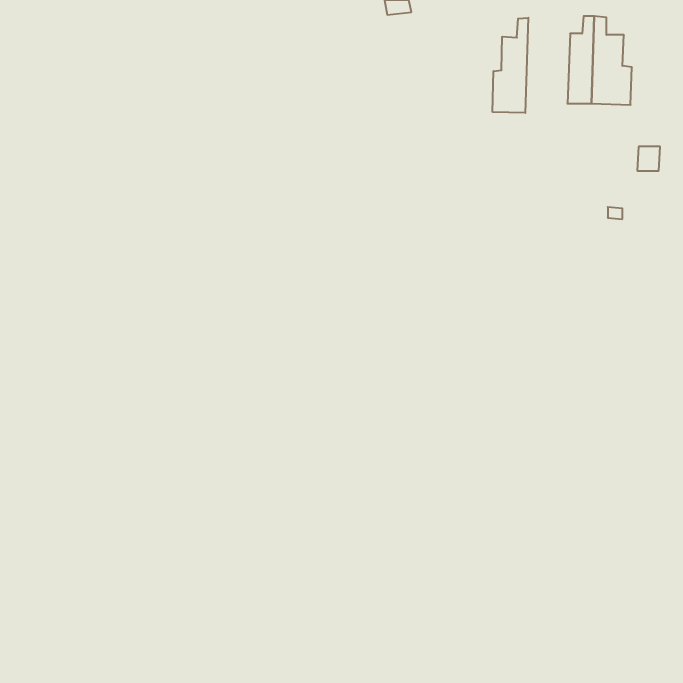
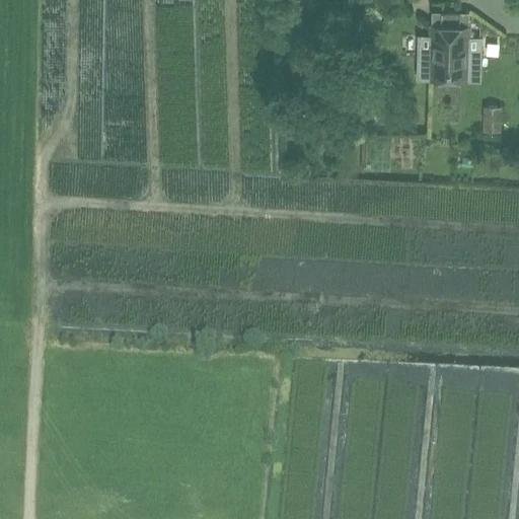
building: [493,18,528,113] -> none

